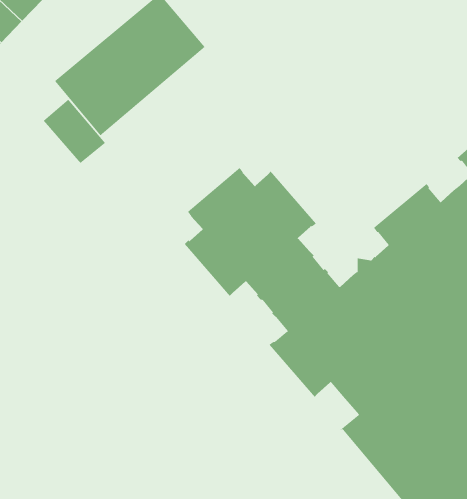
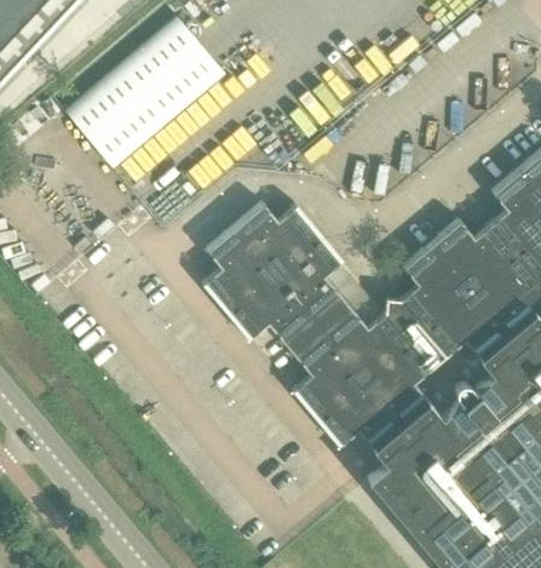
building: [43,99,106,164] -> none

